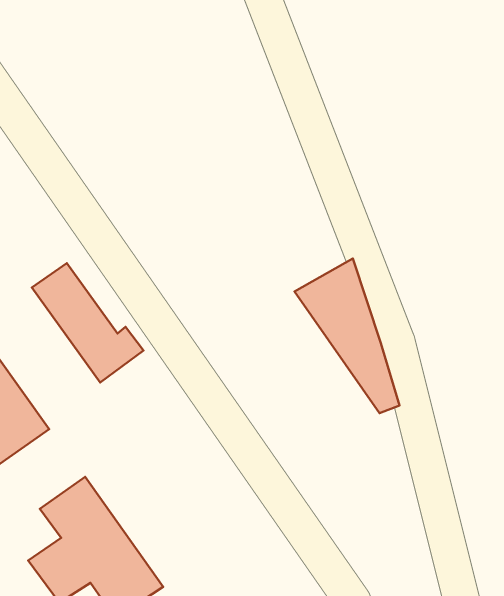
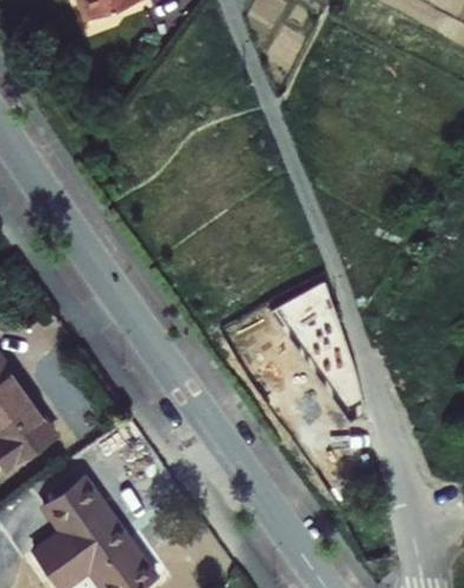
building: [32,263,144,383] -> none

